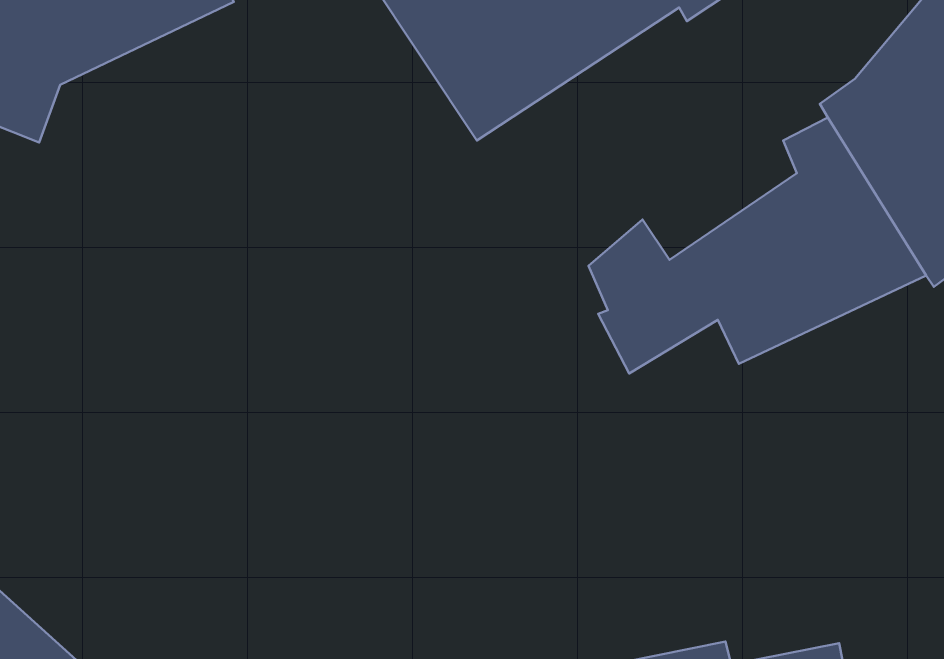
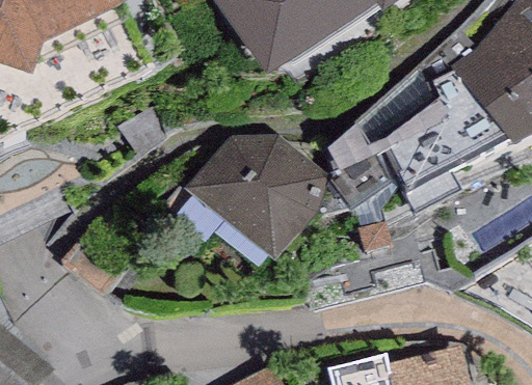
building: none -> [183,128,326,270]

